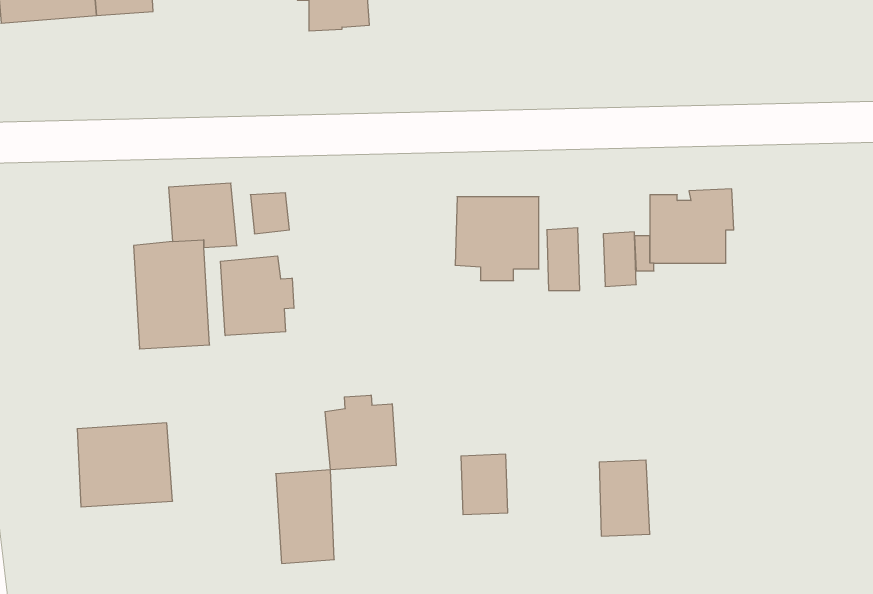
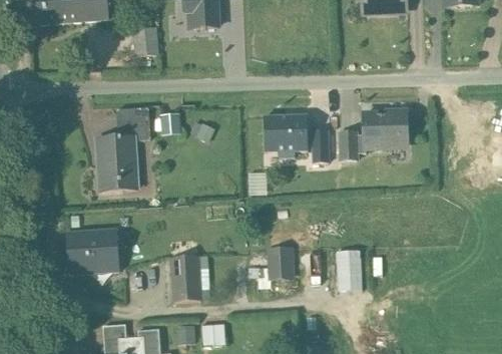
building: none -> [134,26,157,54]
building: [221,256,294,336] -> none
building: [325,395,396,470] -> none

